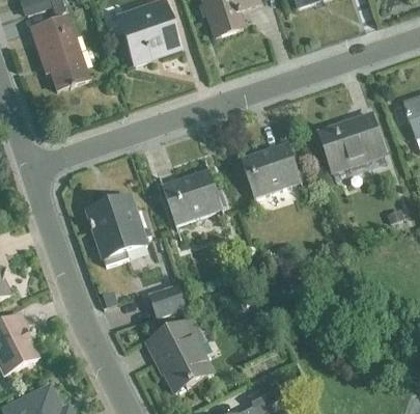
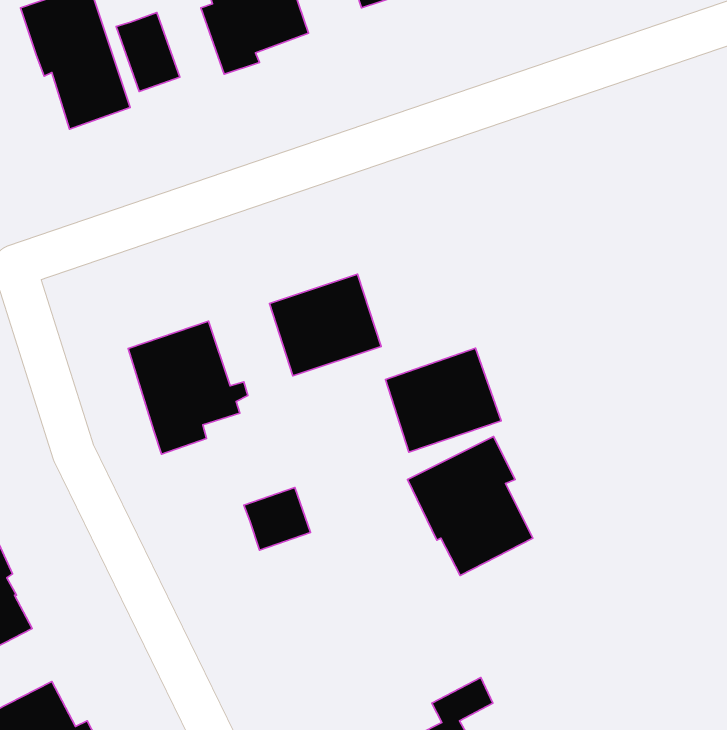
building: none -> [116,12,180,92]
building: [320,114,385,171] -> none
building: [241,143,302,198] -> [385,348,501,452]
building: [146,319,213,392] -> [407,436,533,575]

